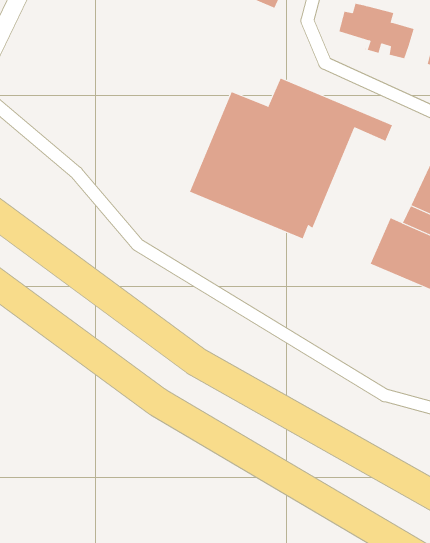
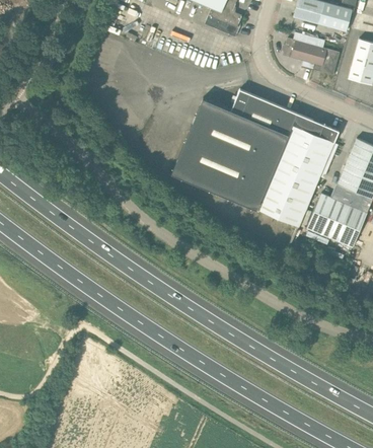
building: none -> [259,124,339,226]

